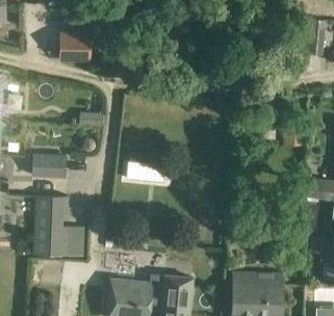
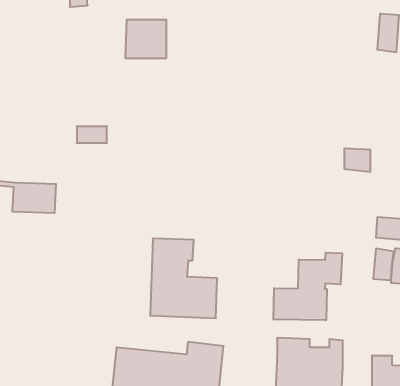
building: [58,33,89,62] -> [125,20,166,58]
building: [35,196,86,257] -> [150,238,217,318]
building: none -> [273,252,342,320]

